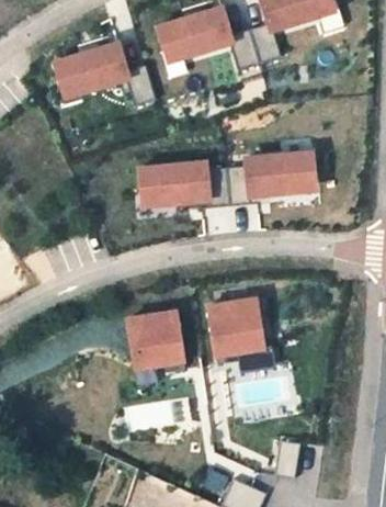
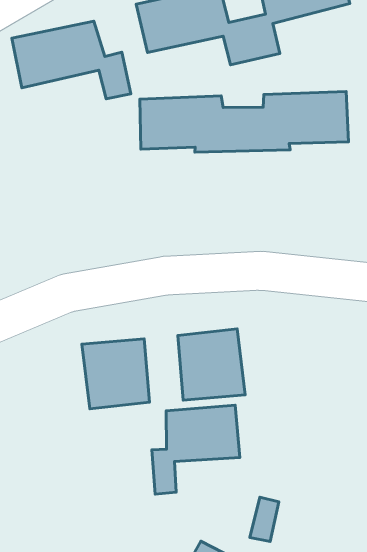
building: [138,149,318,209] -> [140,91,349,152]
building: none -> [152,405,240,494]

